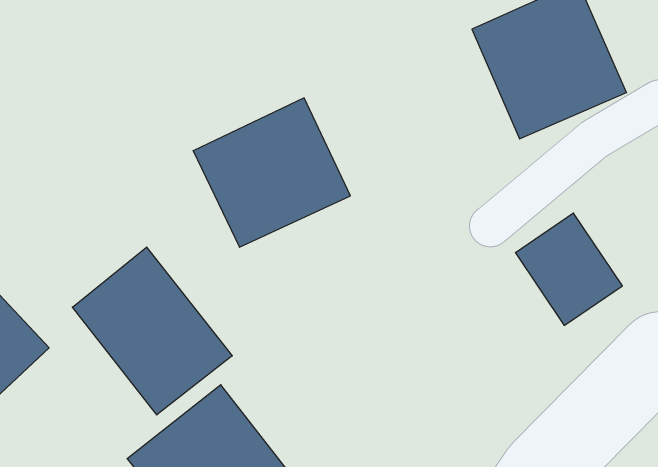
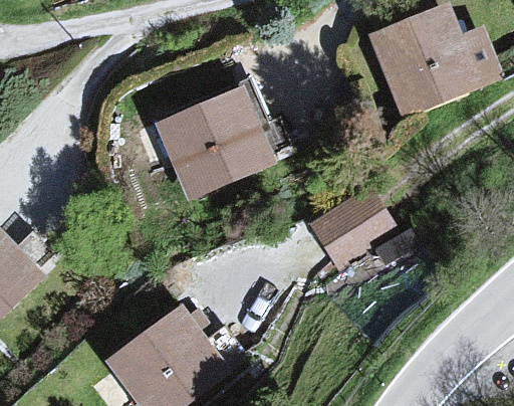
building: [515,213,622,325] -> [309,189,391,274]
building: [72,247,232,415] -> none

